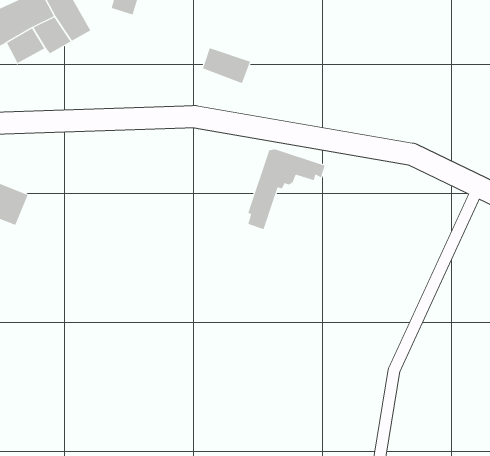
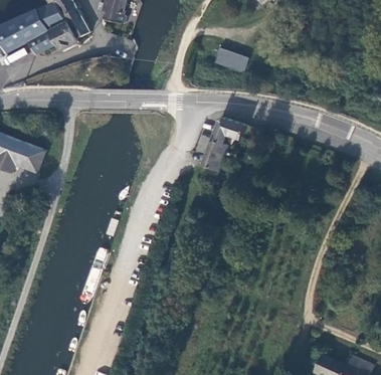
building: [202,48,251,84] -> [212,46,247,72]

